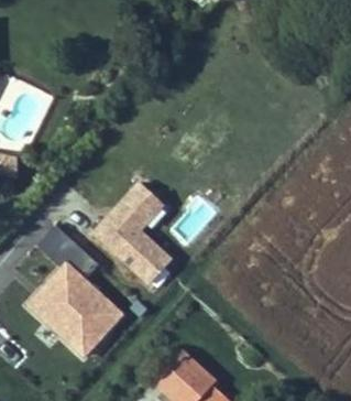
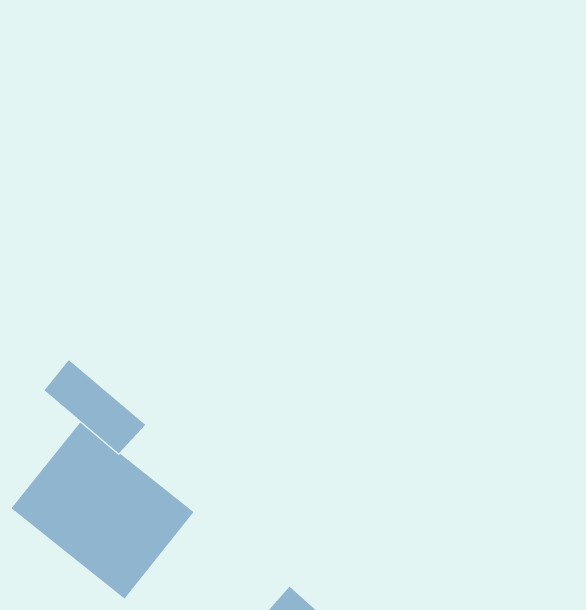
building: [91,181,174,286] -> none

